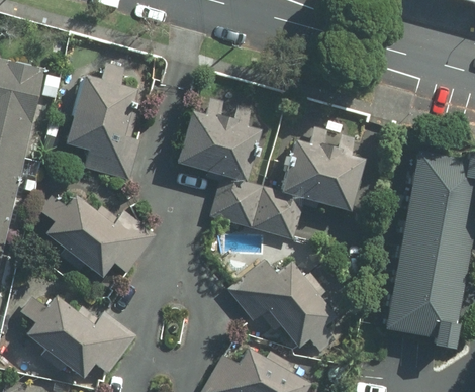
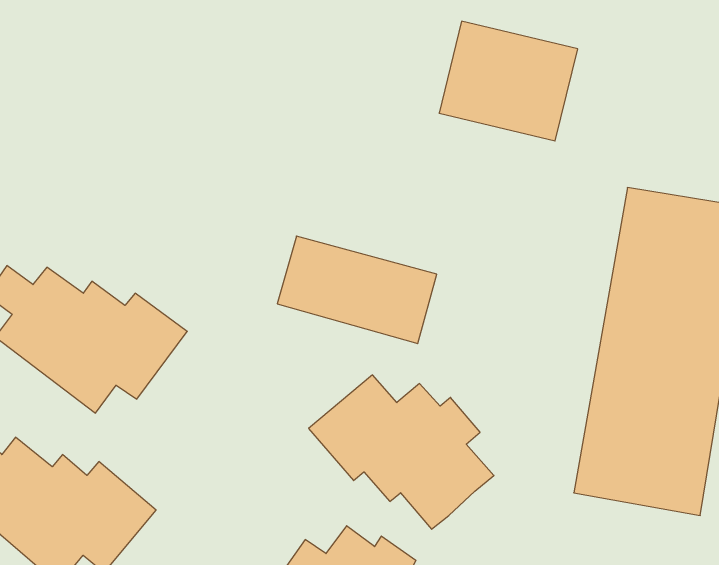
building: [66,62,138,178] -> none
building: [176,94,257,182] -> none
building: [282,139,363,209] -> [439,21,578,141]

